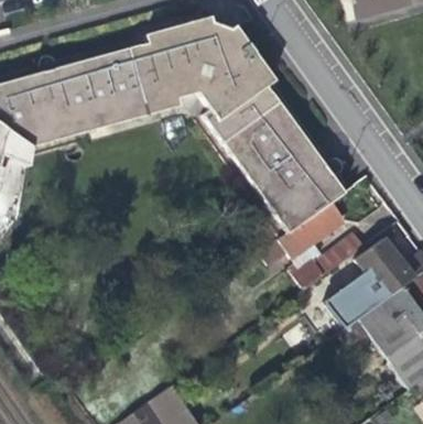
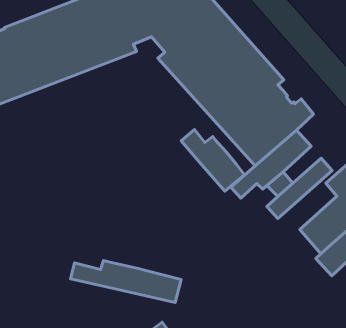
building: none -> [181,129,245,191]
building: none -> [71,261,181,303]

